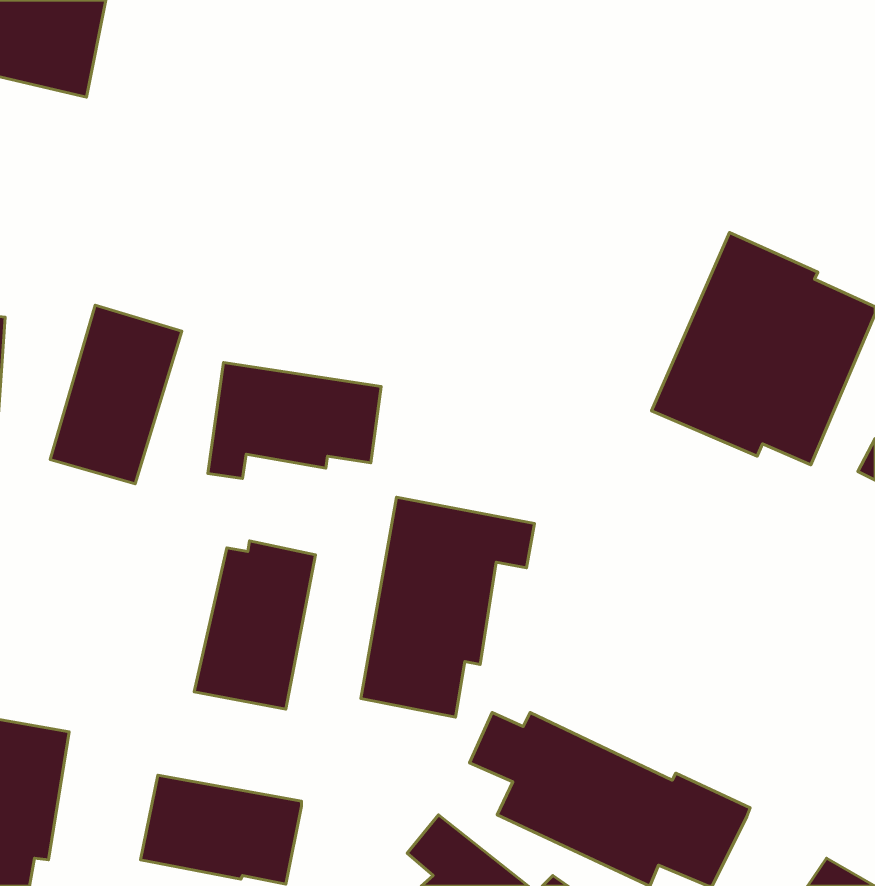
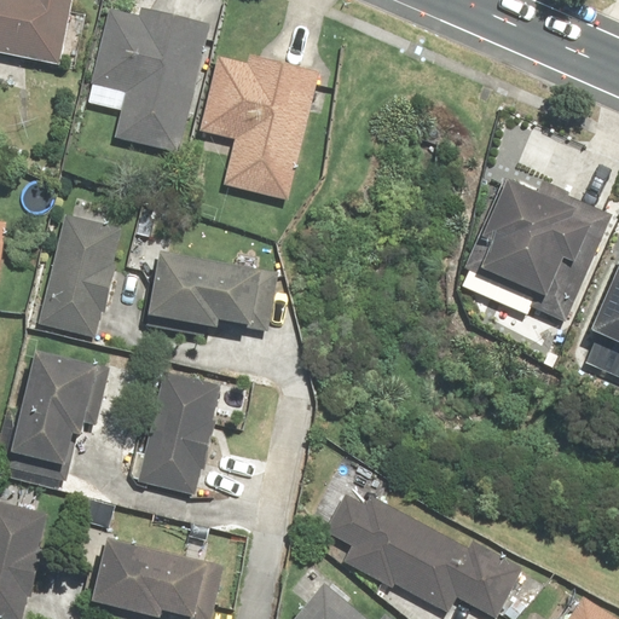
building: none -> [88,11,207,154]
building: none -> [199,54,317,201]
building: [361,497,534,717] -> none
building: none -> [6,352,106,486]

